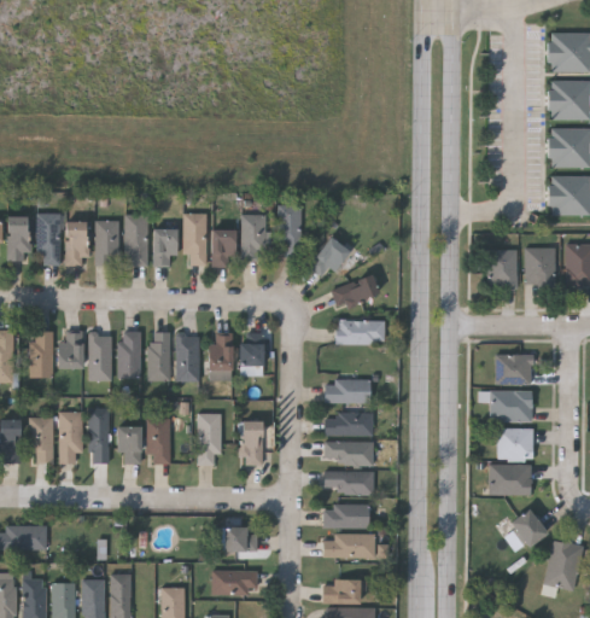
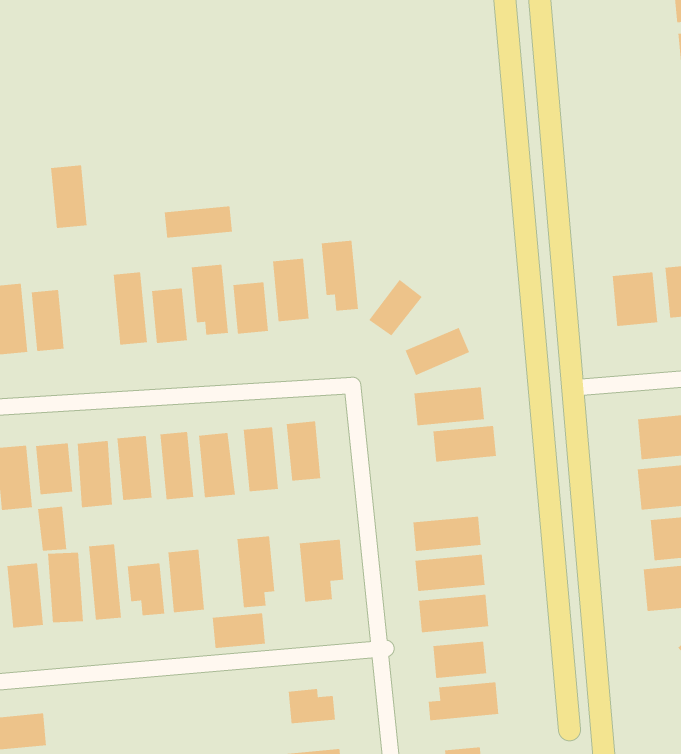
building: none -> [164,205,233,238]
building: [97,221,119,266] -> [50,165,88,229]
building: none -> [37,506,67,551]
building: [326,379,370,402] -> [432,425,497,462]
building: none -> [212,612,266,649]

